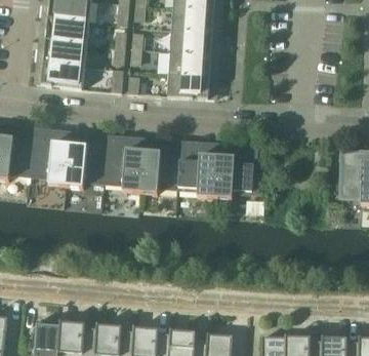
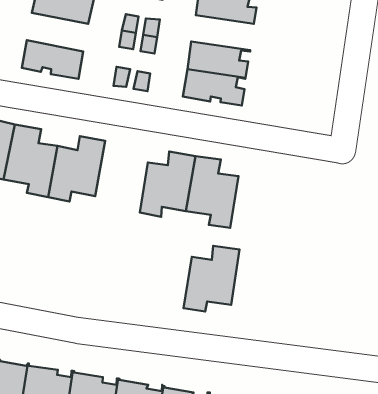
building: [171,29,220,53] -> none
building: [39,38,87,66] -> none
building: [105,136,145,192] -> none
building: [215,146,256,199] -> [184,246,240,311]

